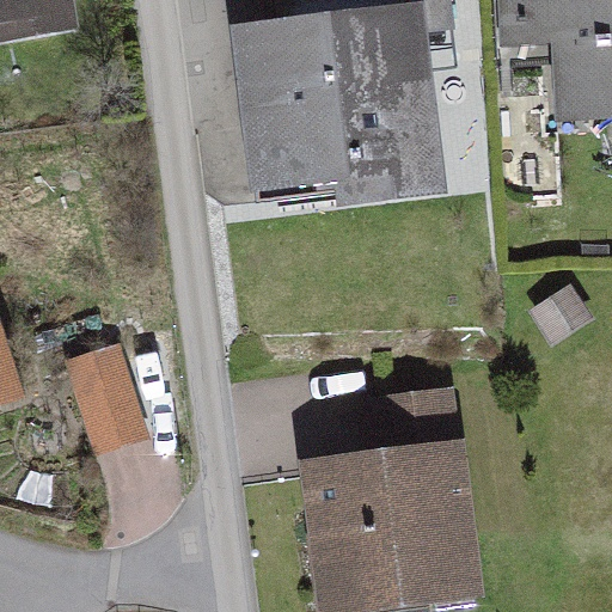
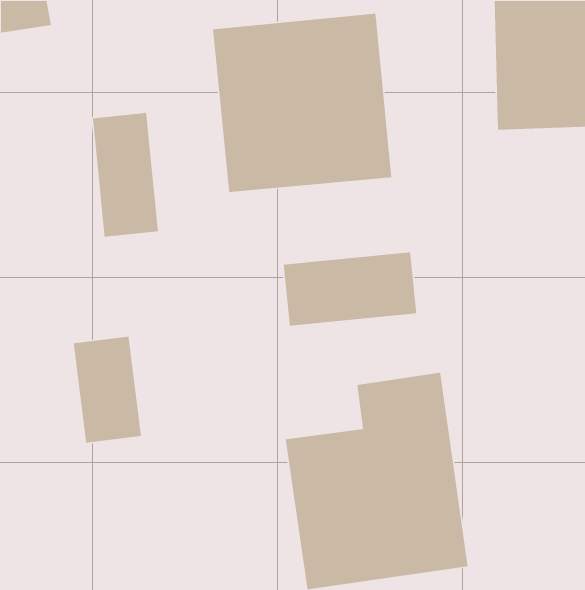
building: none -> [92,112,159,238]
building: none -> [283,251,417,326]

